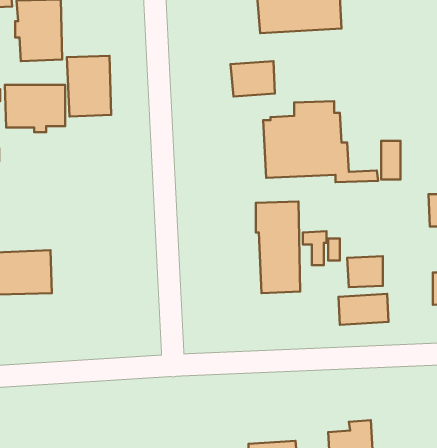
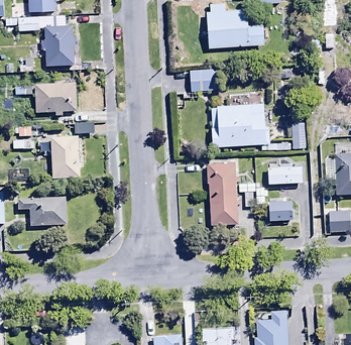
building: [67,56,111,116] -> [50,136,81,178]
building: [338,294,389,325] -> [268,163,303,185]

